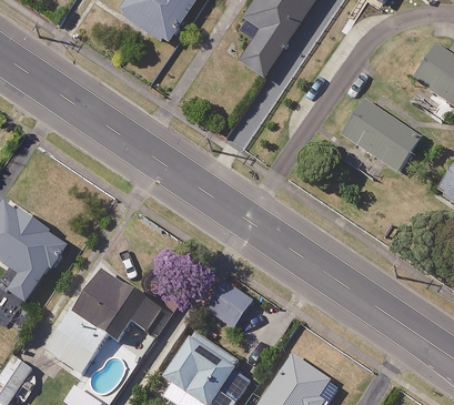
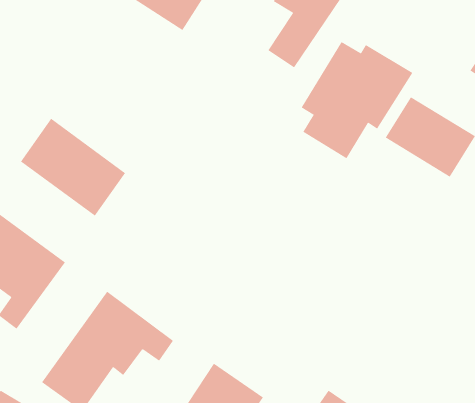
building: none -> [301,41,413,159]
building: none -> [20,118,126,216]
building: [205,282,251,326] -> none

